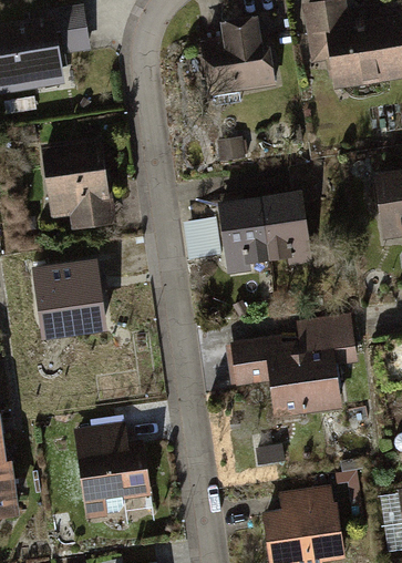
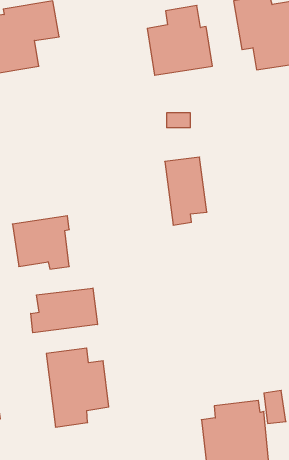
building: [38,139,112,231] -> none
building: [259,187,310,267] -> none
building: [225,316,355,418] -> none
building: none -> [31,288,97,333]

